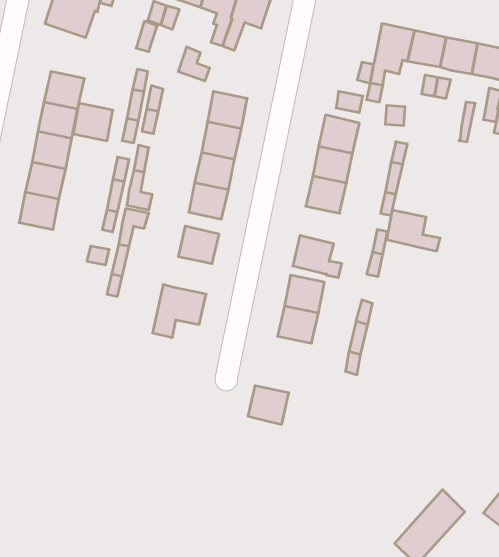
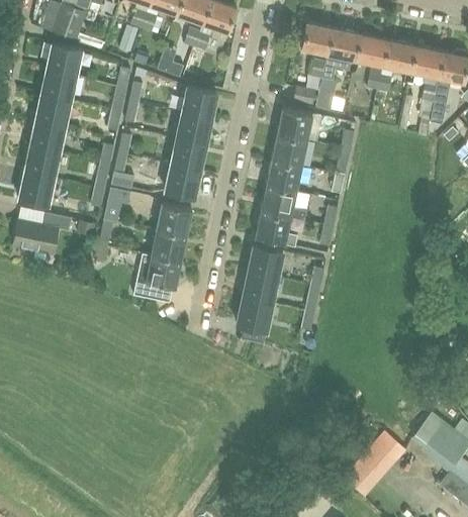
building: none -> [302,22,333,54]
building: [73,103,113,141] -> [46,42,81,75]
building: [386,210,440,251] -> [262,185,308,220]
building: none -> [13,212,72,253]
building: none -> [152,228,186,261]
building: [248,386,289,424] -> [237,297,272,330]

